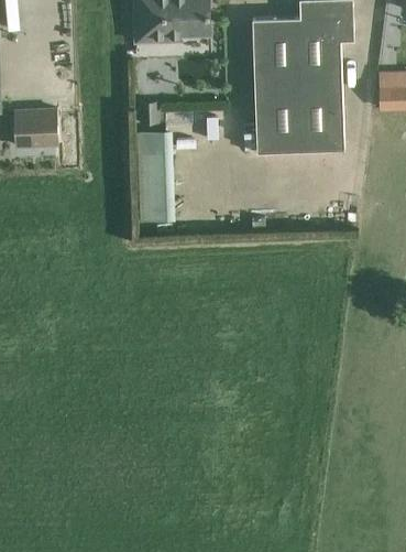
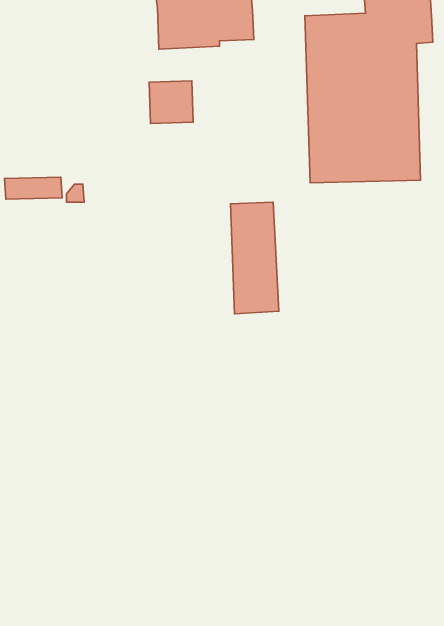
building: [14,108,58,144] -> none
building: [138,131,176,220] -> [230,202,279,314]

